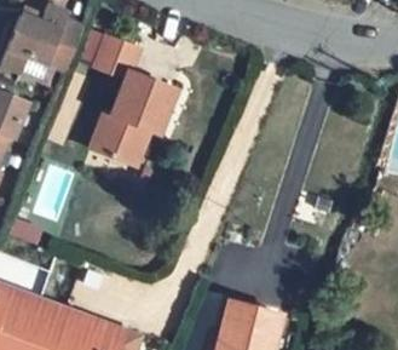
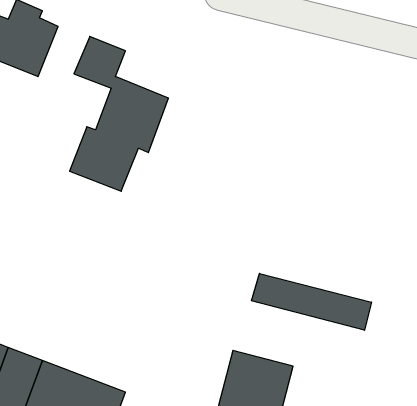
building: none -> [251,273,371,330]

